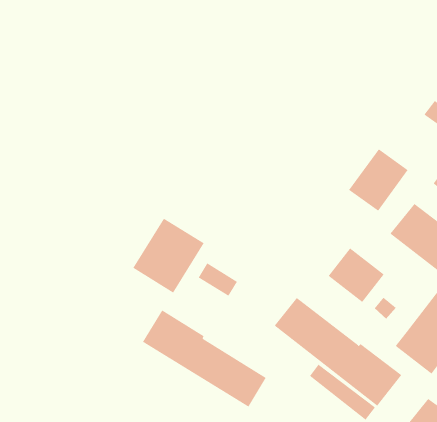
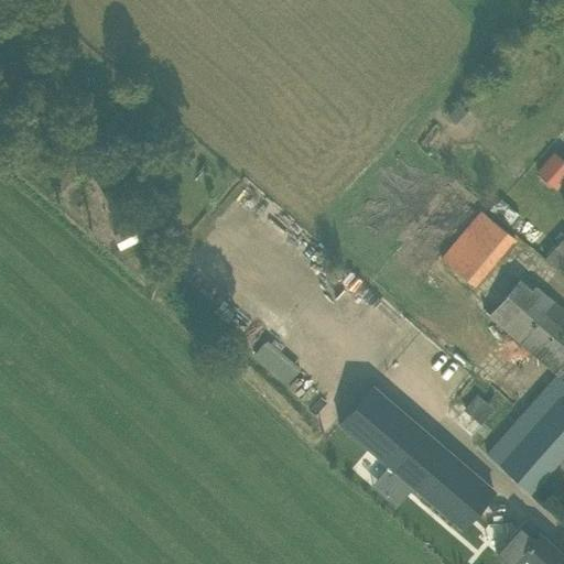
building: [133,218,204,293] -> none
building: [328,248,385,303] -> none
building: [142,310,267,408] -> none

